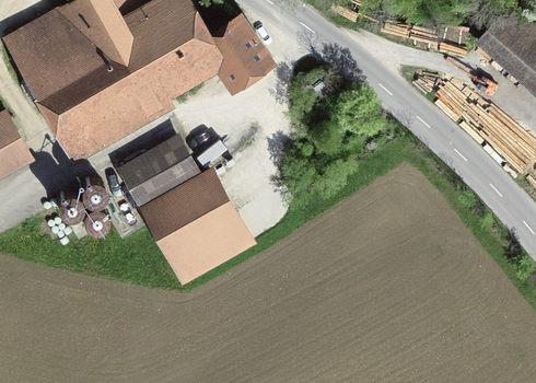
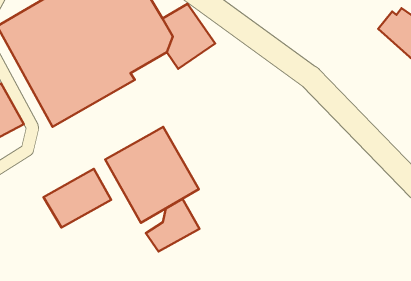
building: [115,134,200,208] -> [43,169,111,228]
building: none -> [146,199,200,251]

